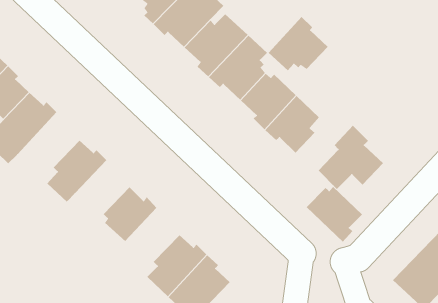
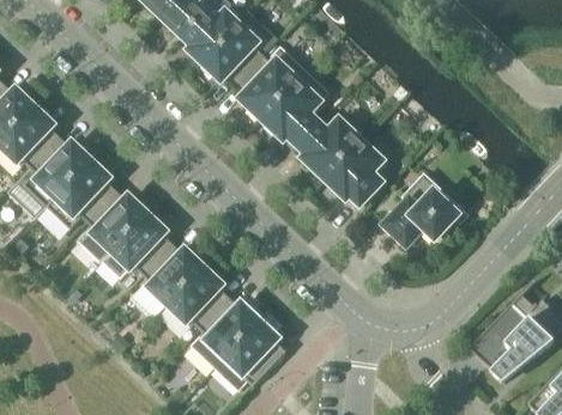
building: [268,16,329,71] -> none
building: none -> [47,159,116,228]
building: none -> [103,213,173,276]
building: [306,186,363,242] -> none
building: none -> [168,267,229,328]

